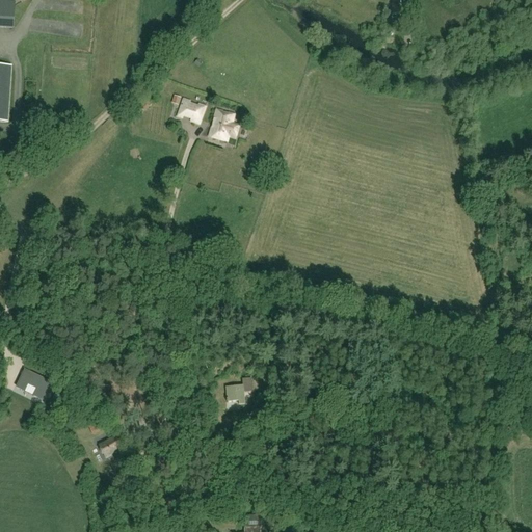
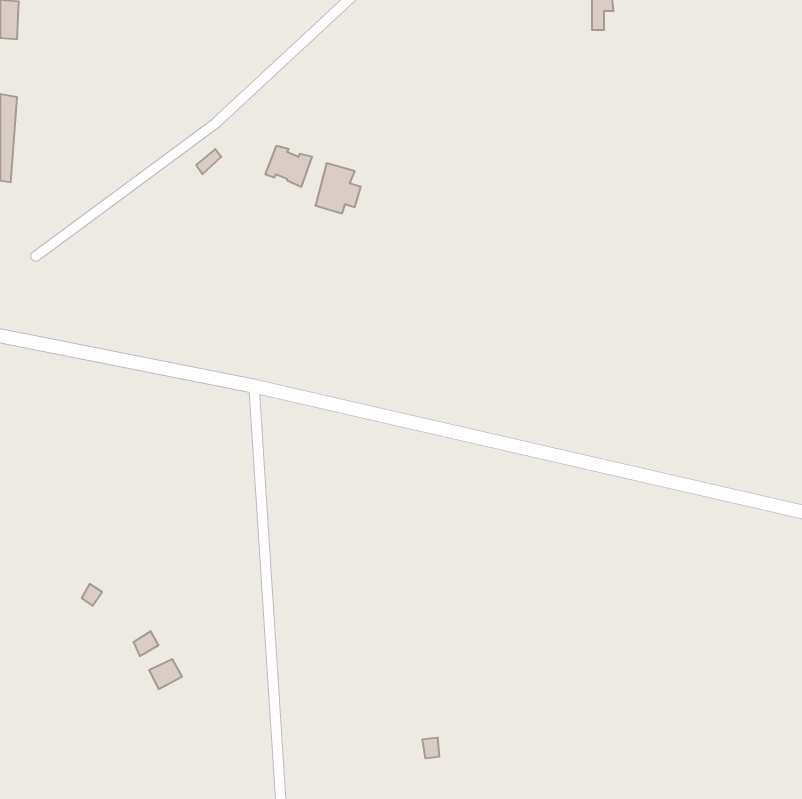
building: [17,369,52,397] -> none
building: [225,377,250,403] -> none

